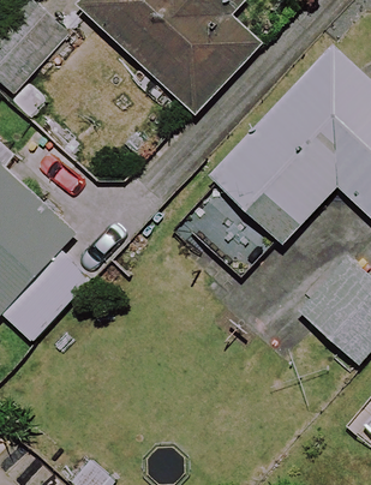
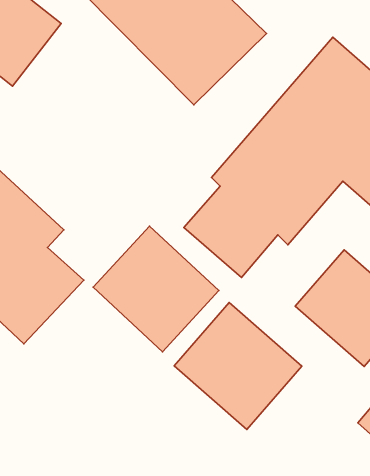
building: none -> [93,226,219,352]
building: none -> [174,303,302,430]

